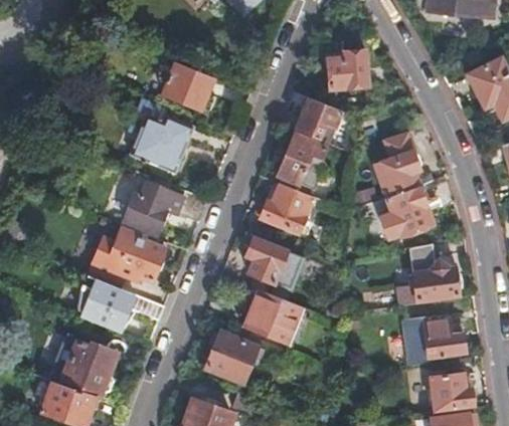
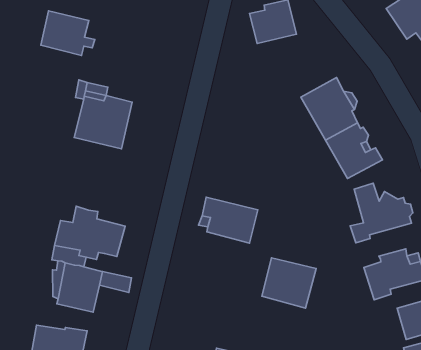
building: [162,61,217,112] -> [41,11,95,55]
building: [298,96,341,142] -> none
building: [279,135,326,182] -> none
building: [124,182,208,233] -> none
building: [261,182,314,232] -> none
building: [244,288,304,345] -> [262,258,316,308]
building: [206,332,264,383] -> none

